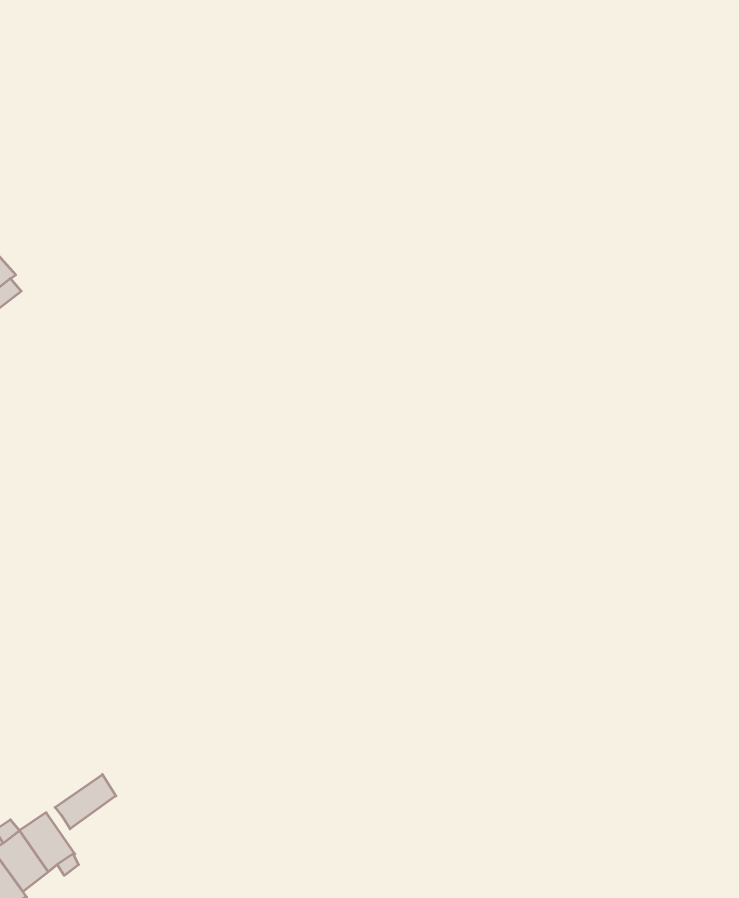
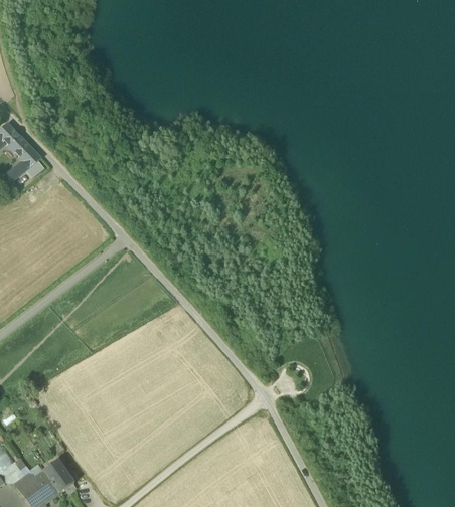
building: [55,774,116,829] -> none

